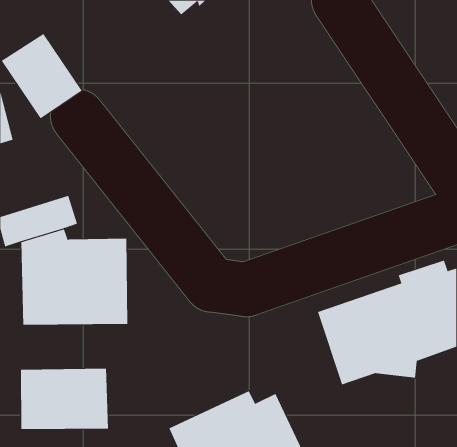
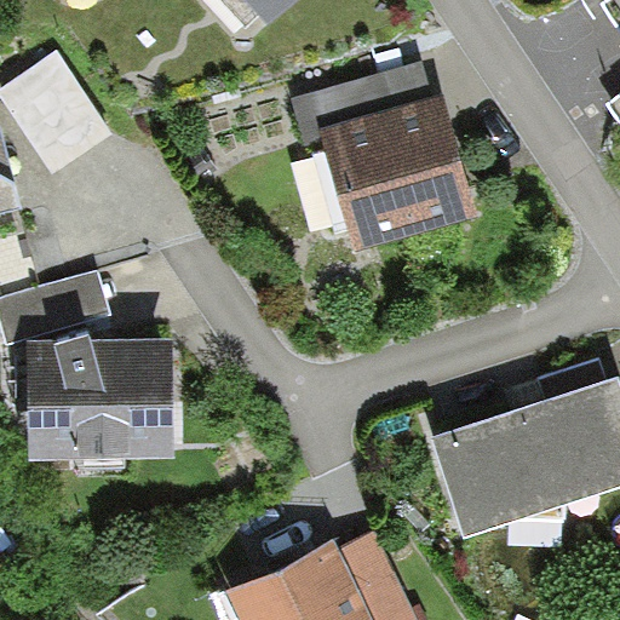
building: none -> [292,68,475,246]
building: [20,368,108,430] -> none

